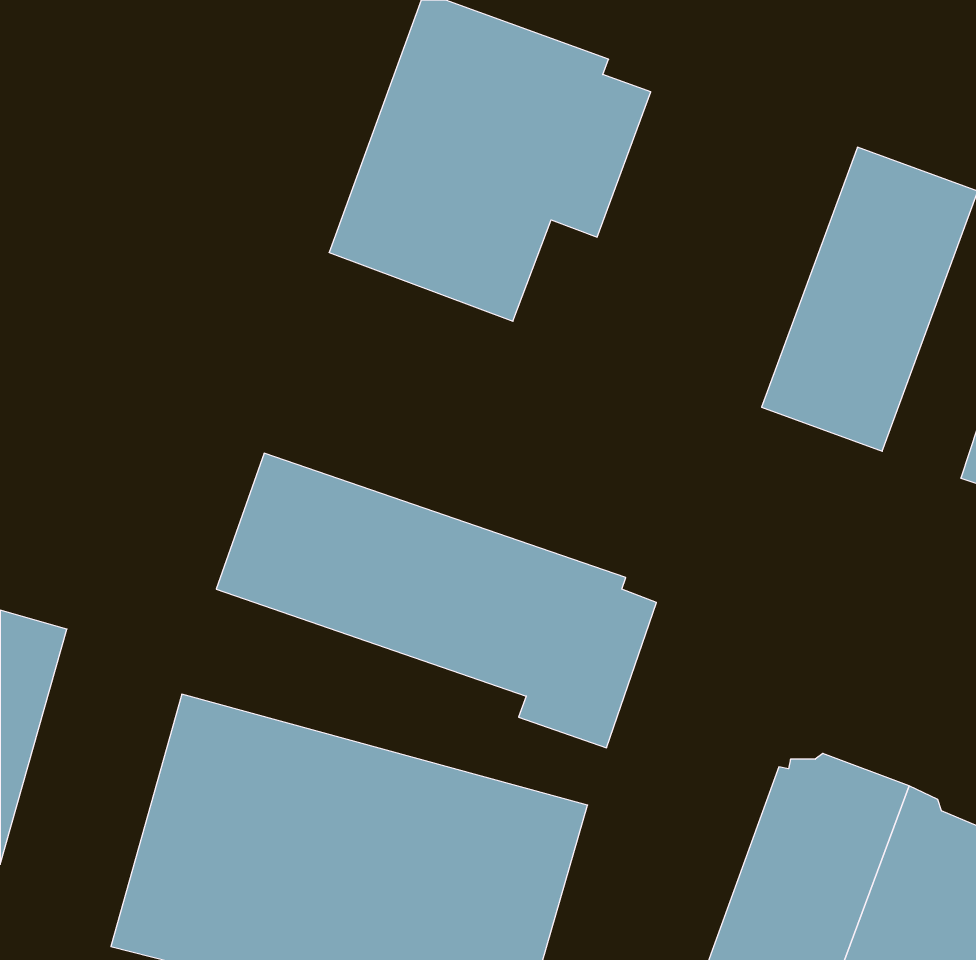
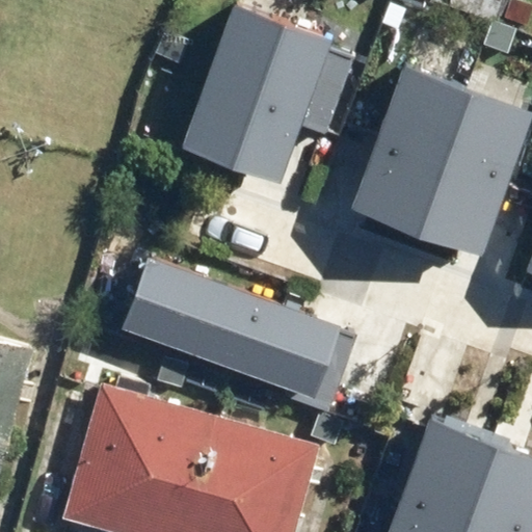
building: none -> [350,65,467,231]

